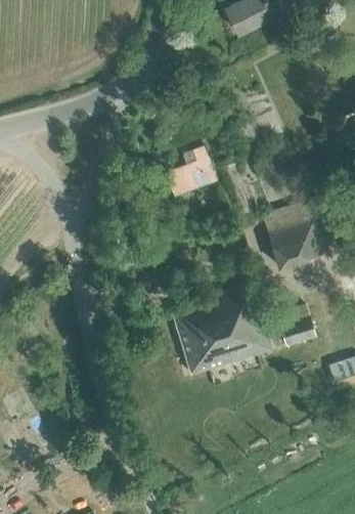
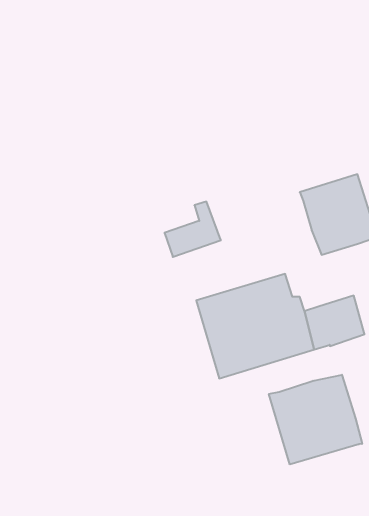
building: [166,147,214,195] -> [164,202,221,257]
building: none -> [269,375,362,464]

